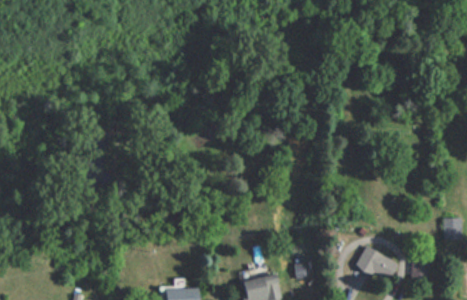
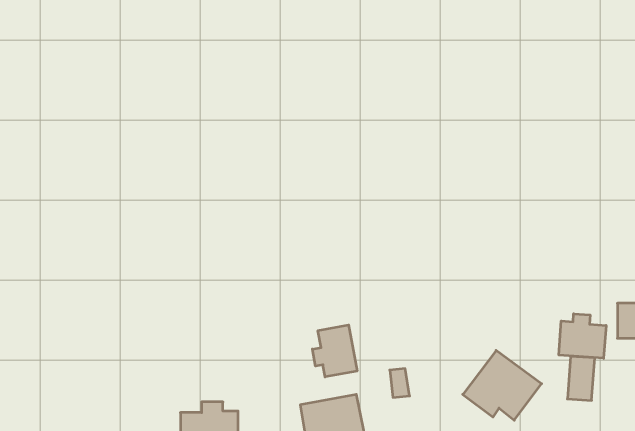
building: none -> [559,314,606,358]
building: none -> [312,325,357,377]

